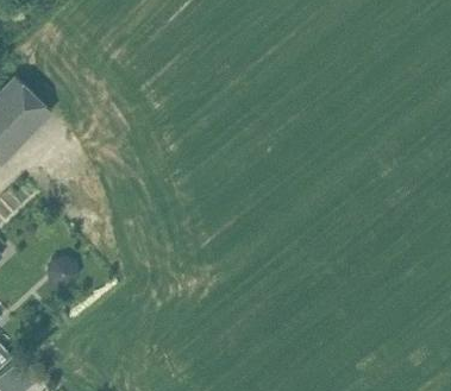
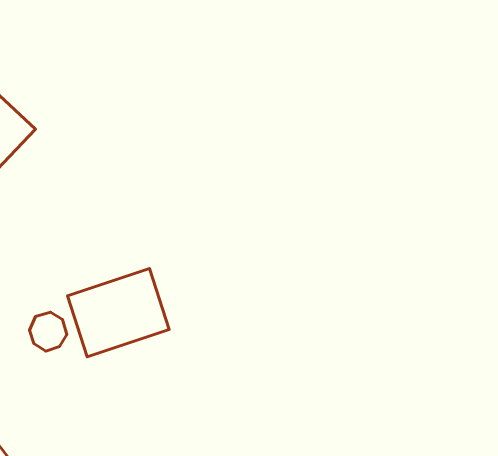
building: none -> [67,268,169,357]

